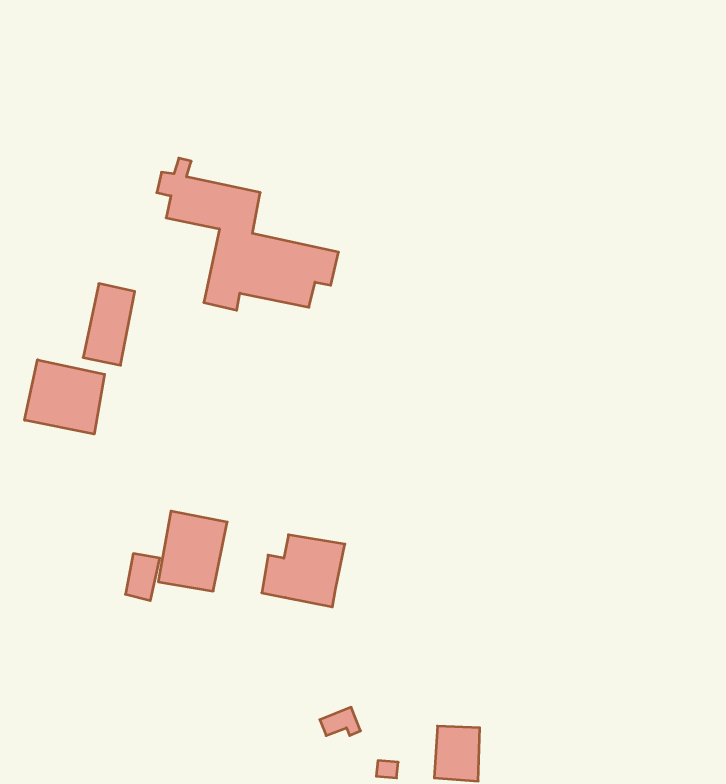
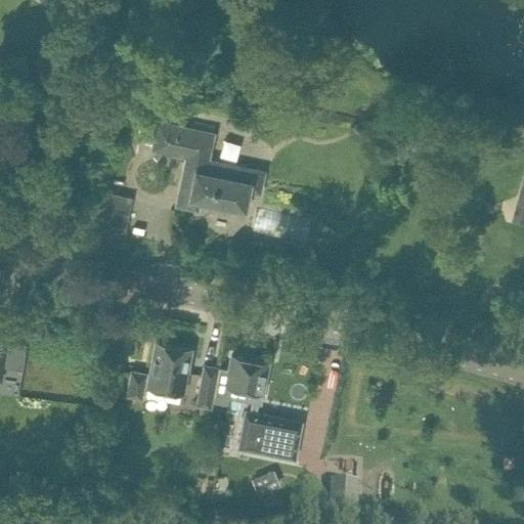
building: [25,360,105,434] -> none
building: none -> [196,368,219,410]
building: none -> [237,412,304,463]

